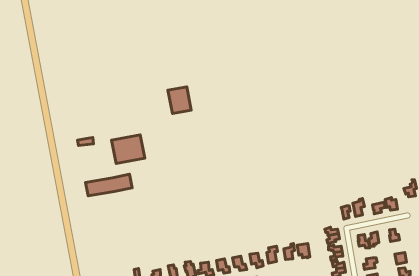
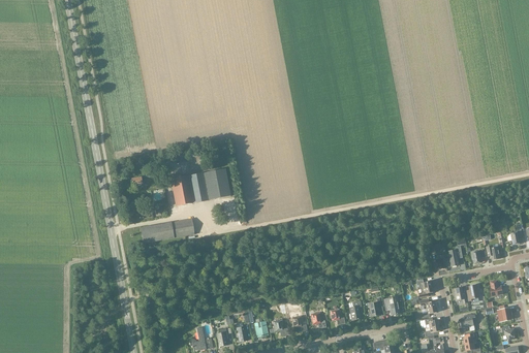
building: [168,87,191,114] -> [205,168,231,199]

